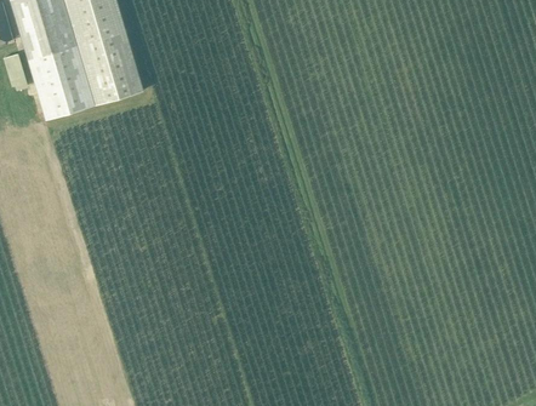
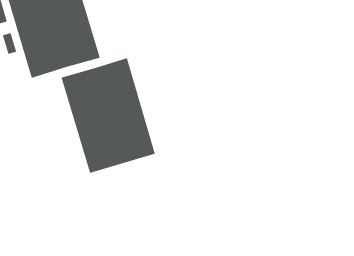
building: none -> [60,57,156,174]

